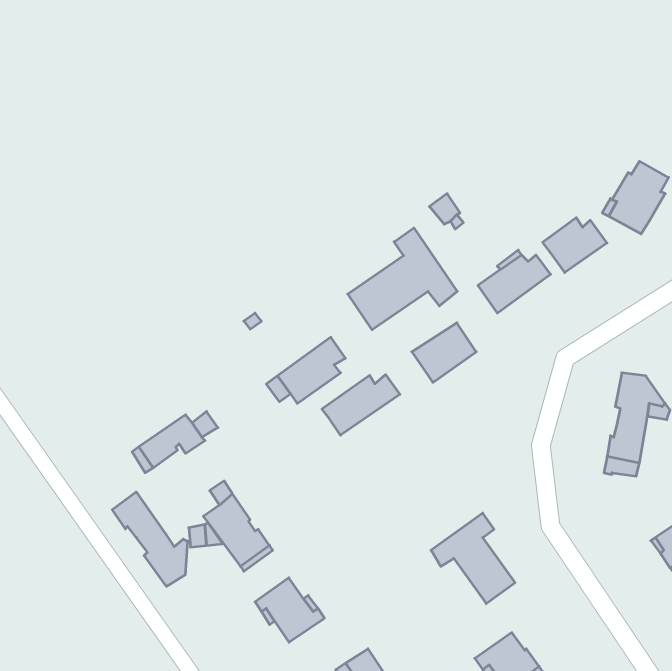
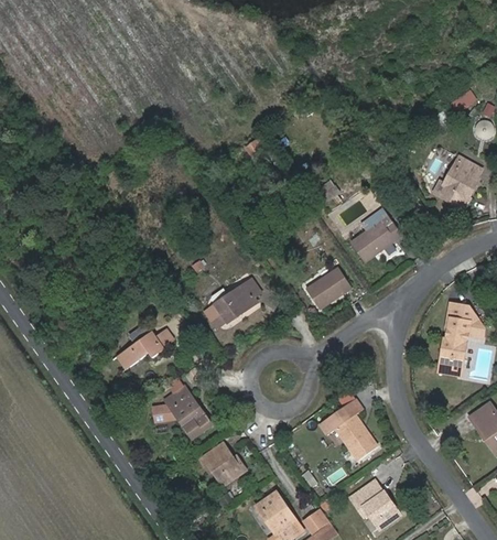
building: [543,218,607,273] -> none
building: [348,228,457,330] -> none
building: [322,375,400,435] -> none
building: [112,492,188,586] -> none

